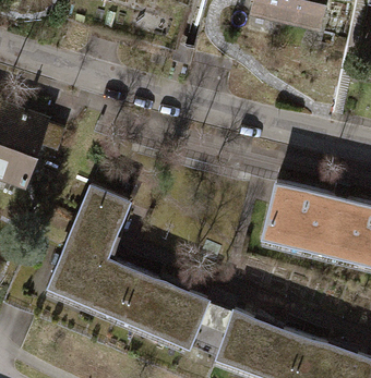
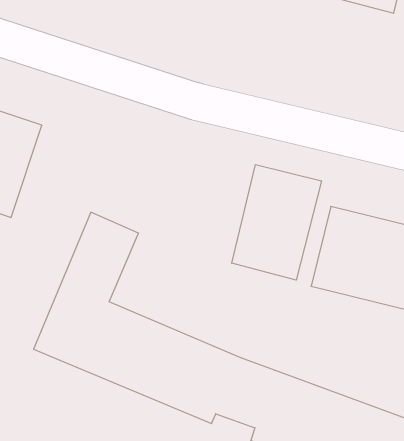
building: none -> [232,165,321,280]

